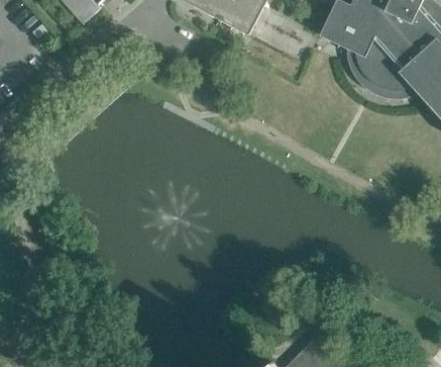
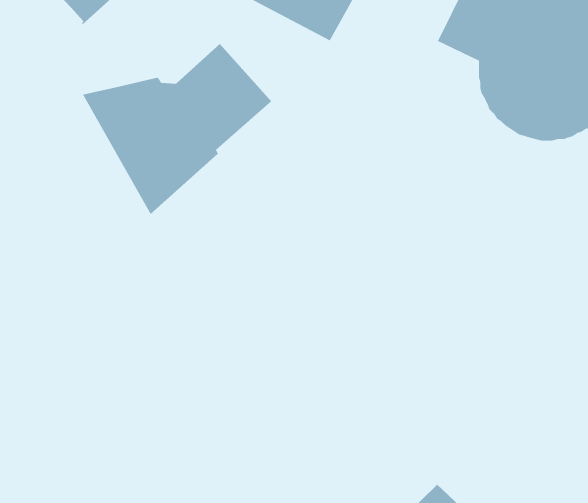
building: none -> [82,43,272,215]

